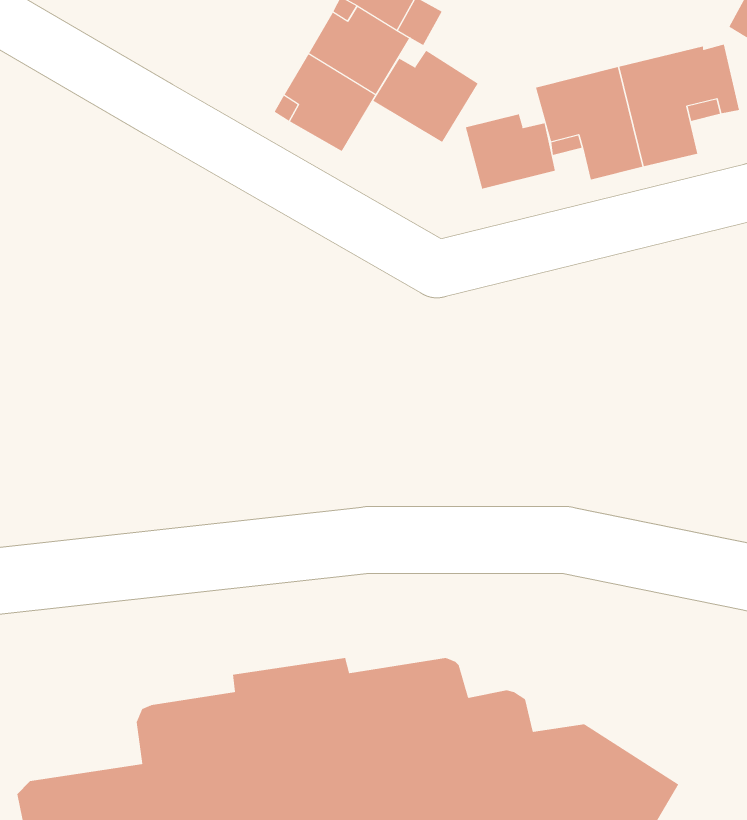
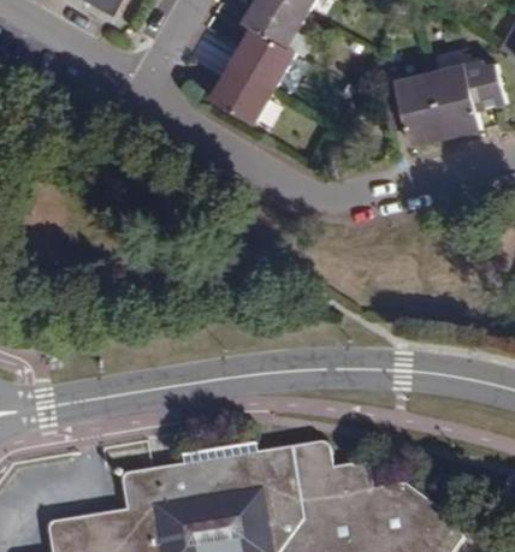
building: [372,50,478,143] -> none
building: [465,114,556,190] -> none

